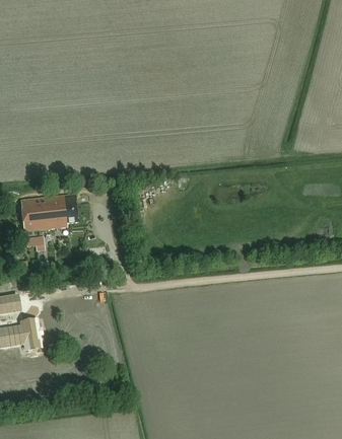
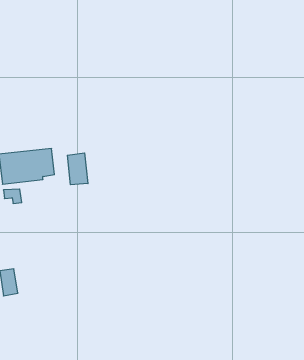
building: none -> [67,153,88,185]

